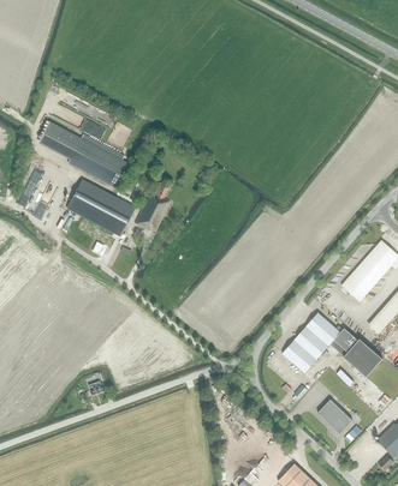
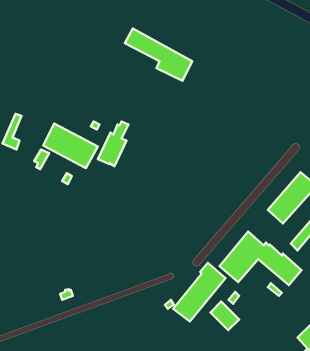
building: [40,120,121,184] -> [125,28,192,81]
building: none -> [173,263,226,321]
building: [317,398,352,433] -> [210,302,239,330]

